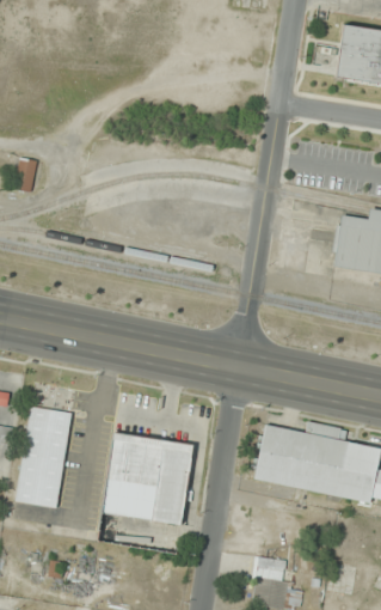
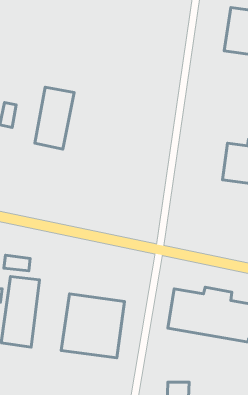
building: none -> [35,87,74,149]
building: none -> [4,255,30,271]

